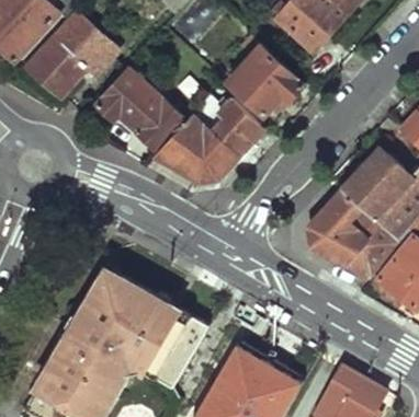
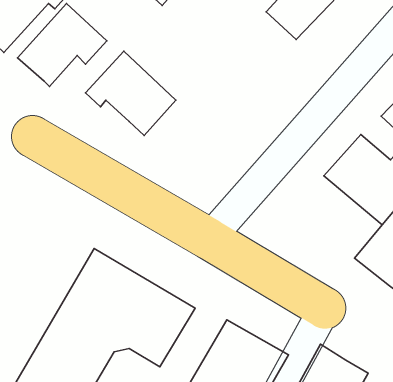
building: [231,42,306,115] -> none
building: [154,100,260,182] -> none
building: [307,190,401,282] -> none

